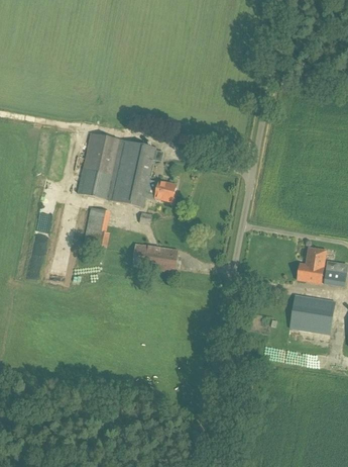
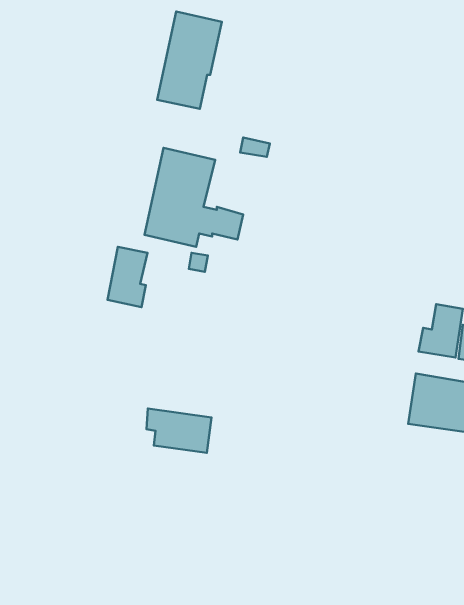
building: [77,132,121,199] -> [157,11,222,109]
building: [133,243,178,273] -> [147,409,211,453]

